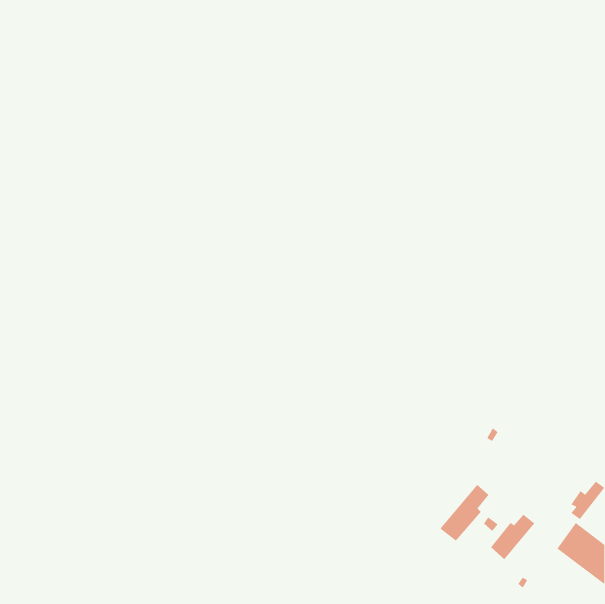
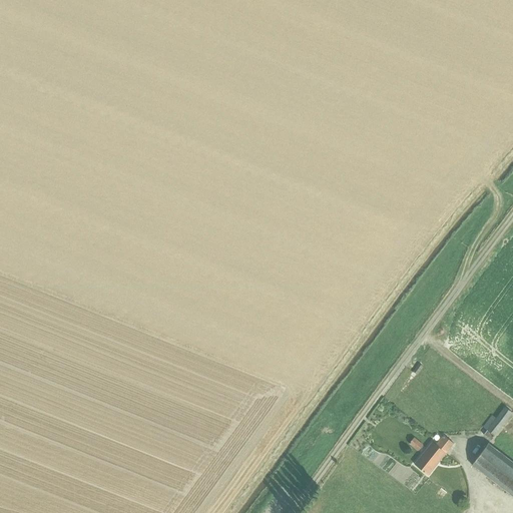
building: [439,484,489,541] -> none

